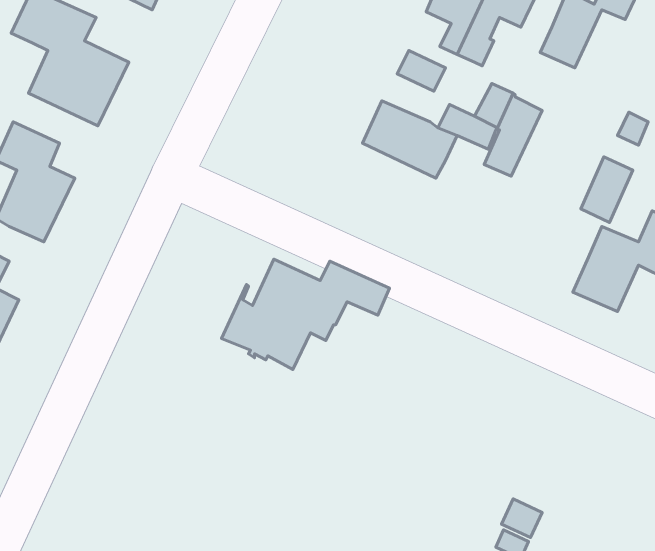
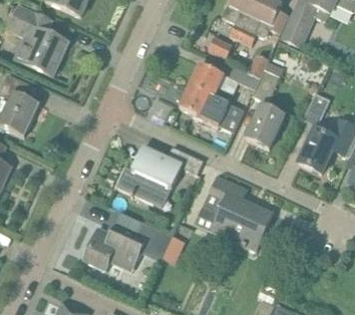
building: none -> [180,84,244,130]
building: none -> [246,103,285,147]
building: none -> [197,175,272,249]
building: none -> [83,221,173,269]

